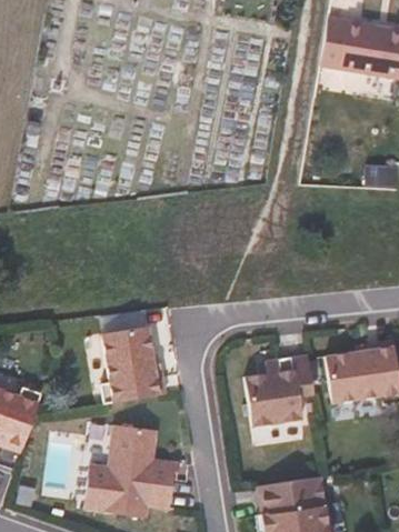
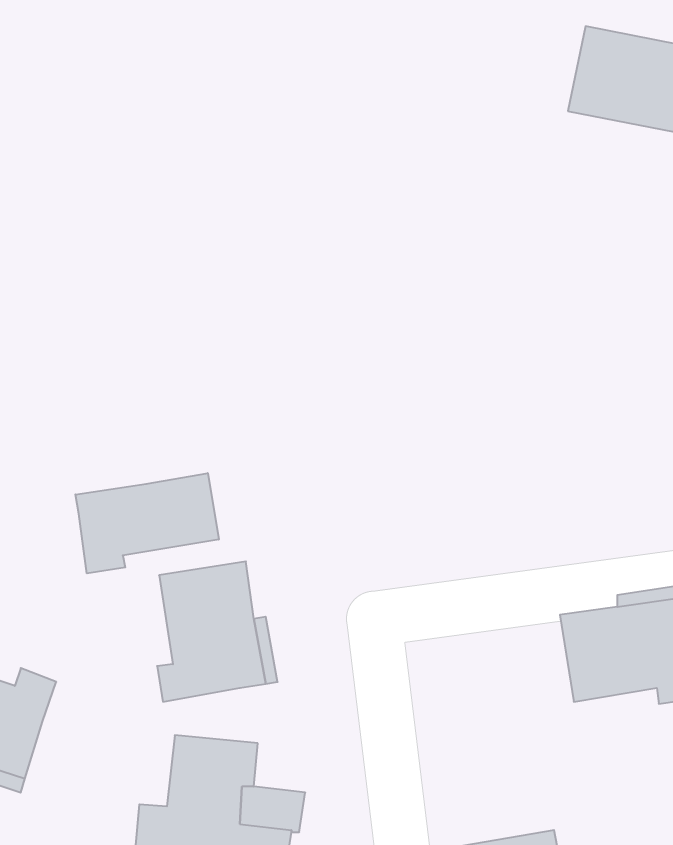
building: none -> [75,473,219,573]
building: [245,354,315,426] -> none

